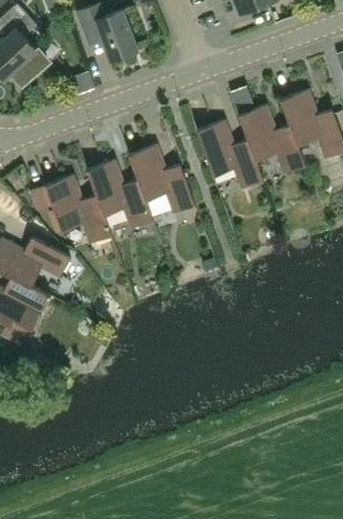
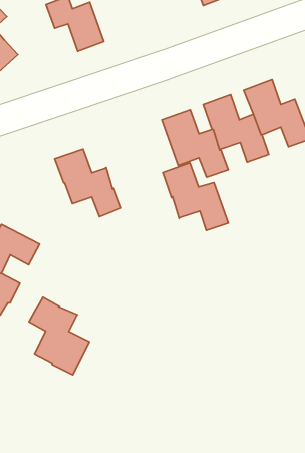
building: [128,145,194,214] -> [163,163,228,230]
building: [44,175,111,244] -> none
building: none -> [29,297,89,375]

